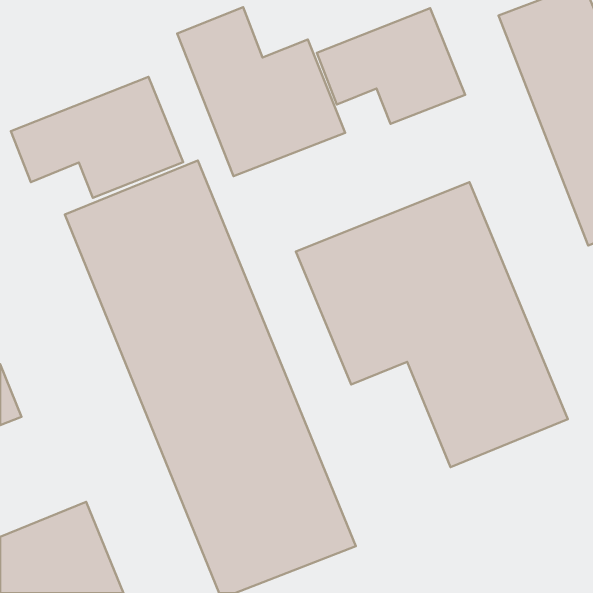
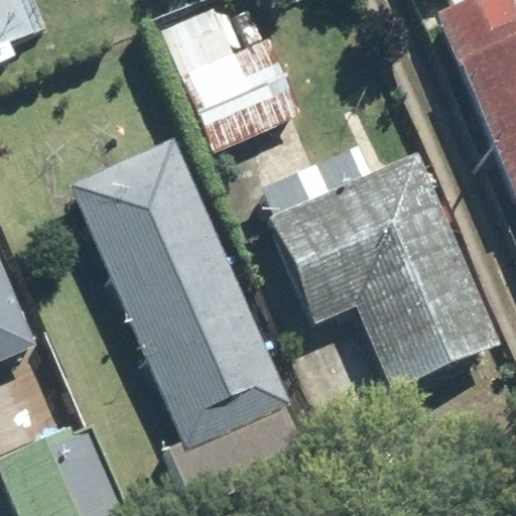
building: [317,8,465,124] -> none
building: [11,77,183,198] -> none

